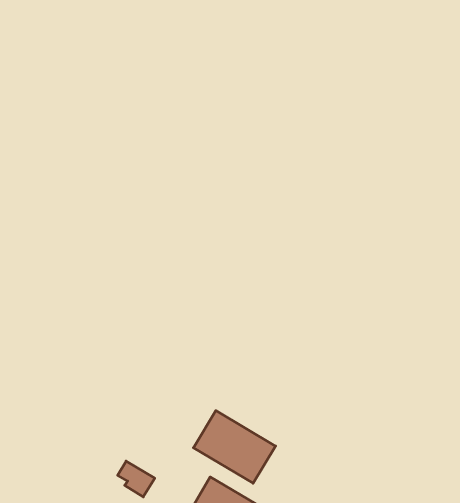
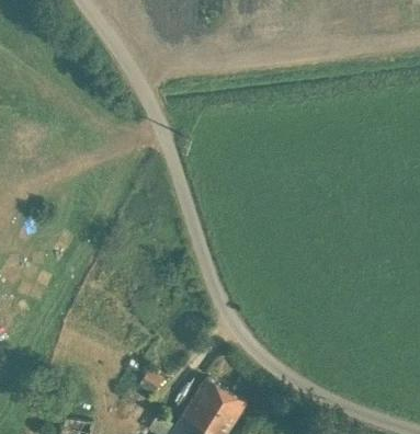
building: [193,411,276,483] -> none

